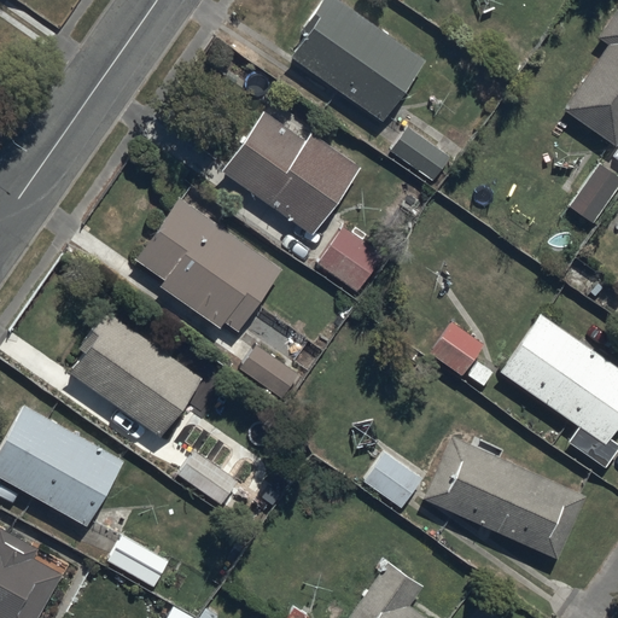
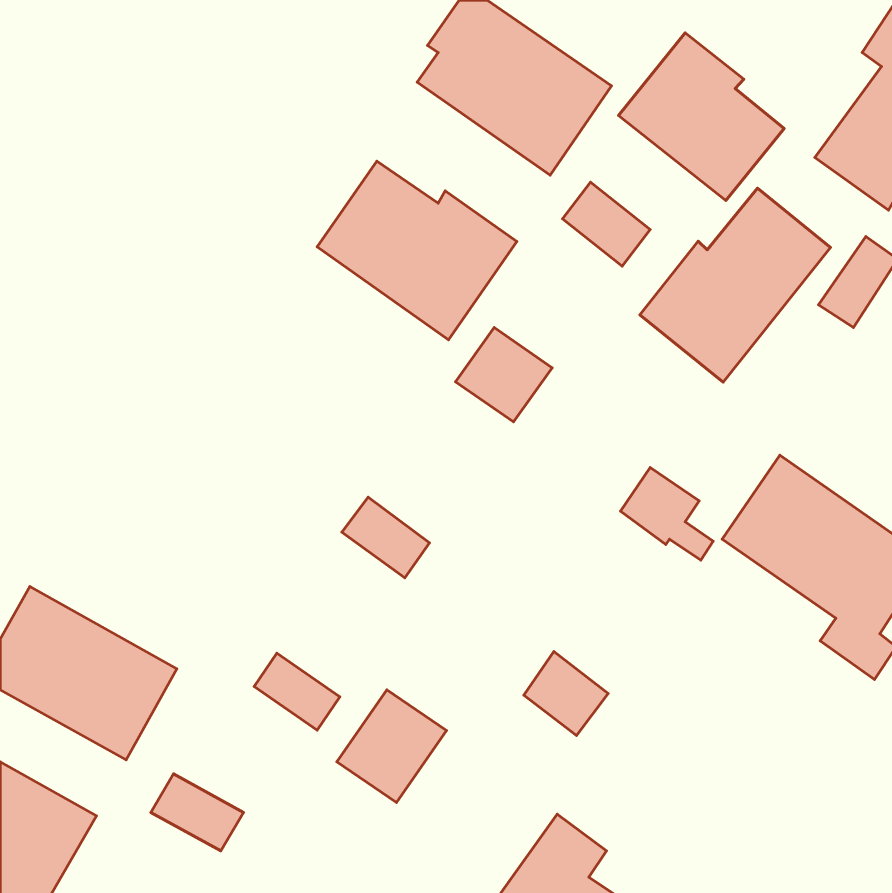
building: none -> [618,33,784,201]
building: none -> [640,188,830,382]
building: [134,199,281,334] -> none
building: [71,311,199,437] -> none
building: [424,435,584,560] -> none
building: none -> [337,690,446,802]

